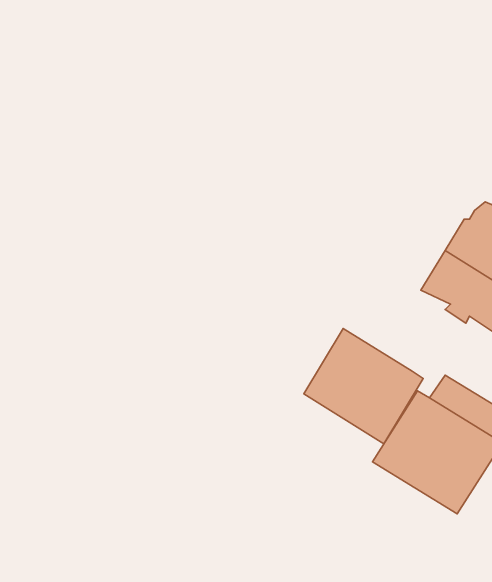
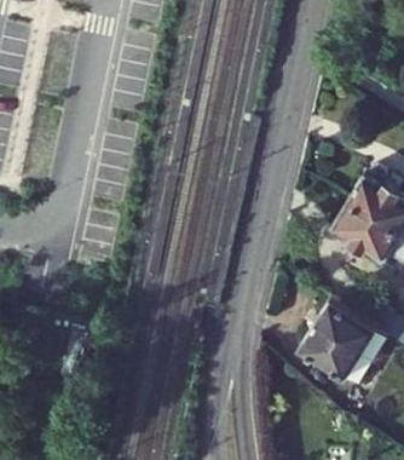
building: [304,329,423,444] -> none

